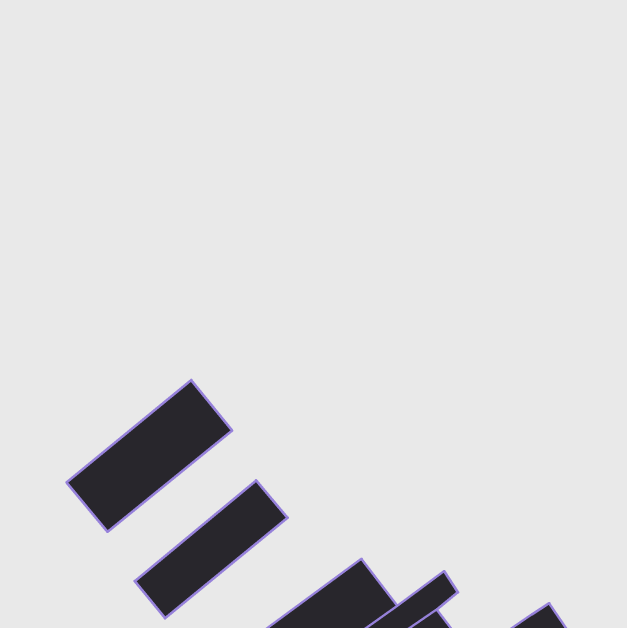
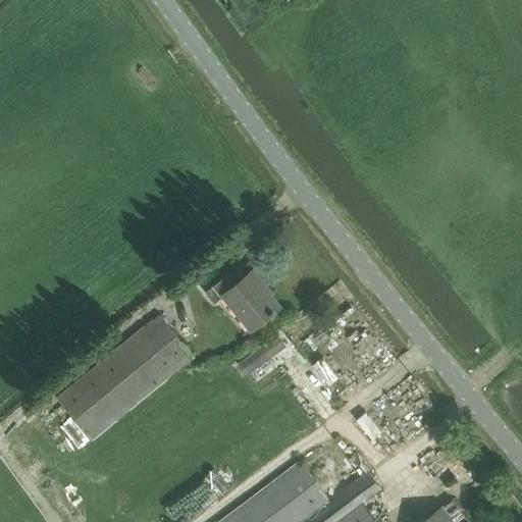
building: none -> [205,272,279,332]
building: [135,480,288,618] -> none

